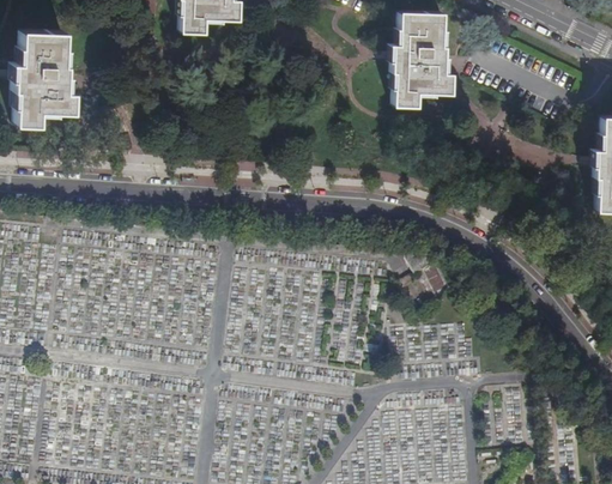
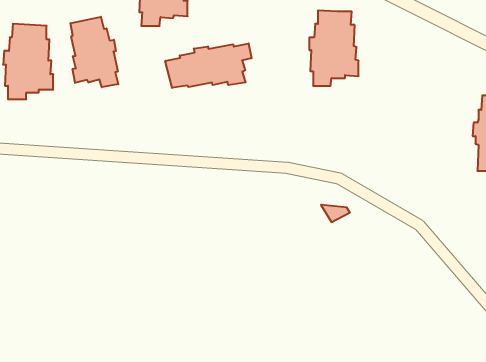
building: none -> [71,17,118,87]
building: none -> [165,43,252,88]

